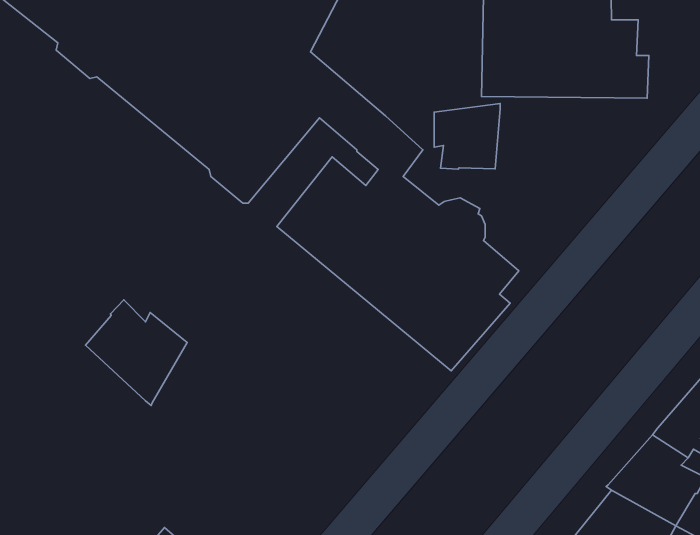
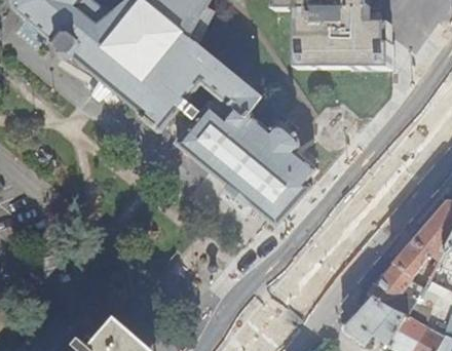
building: [434,103,500,169] -> none
building: [86,300,187,405] -> none

